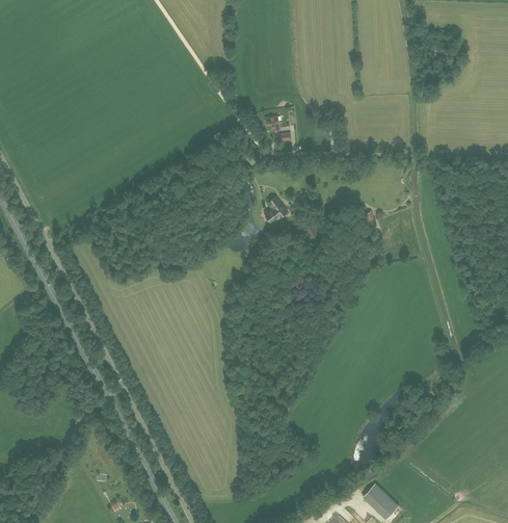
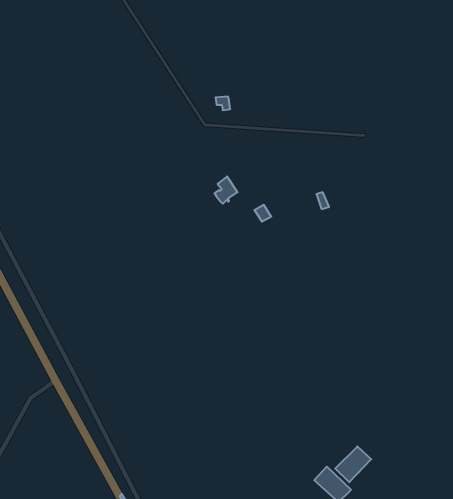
building: none -> [335,446,371,482]

